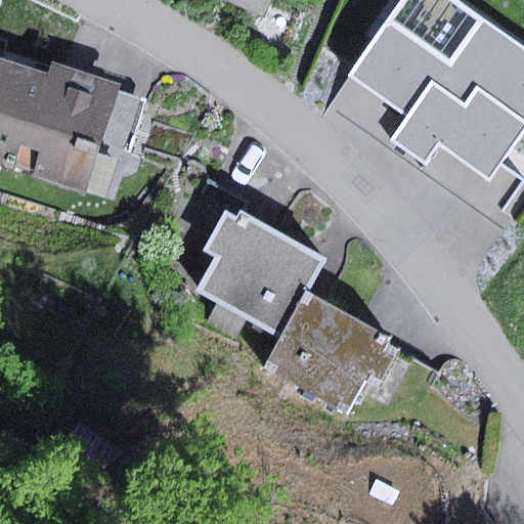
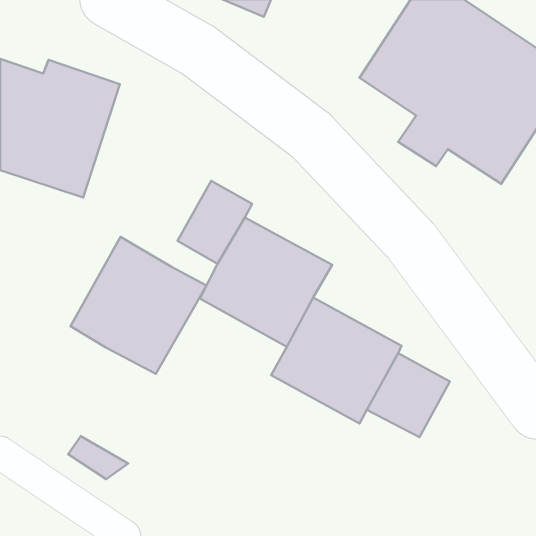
building: none -> [70,237,206,374]

